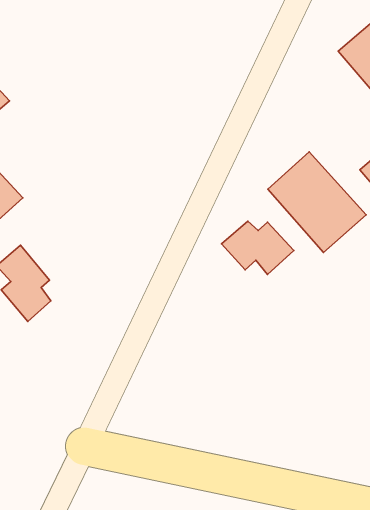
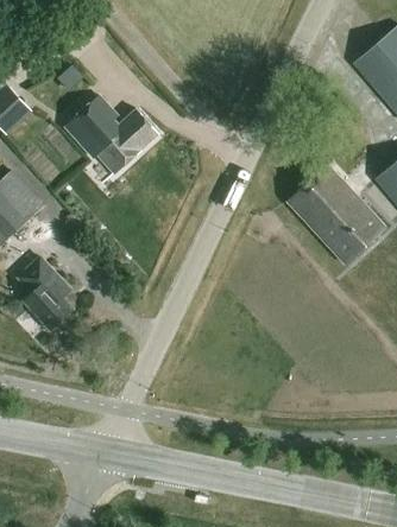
building: none -> [65,91,156,170]
building: [222,221,294,275] -> none

